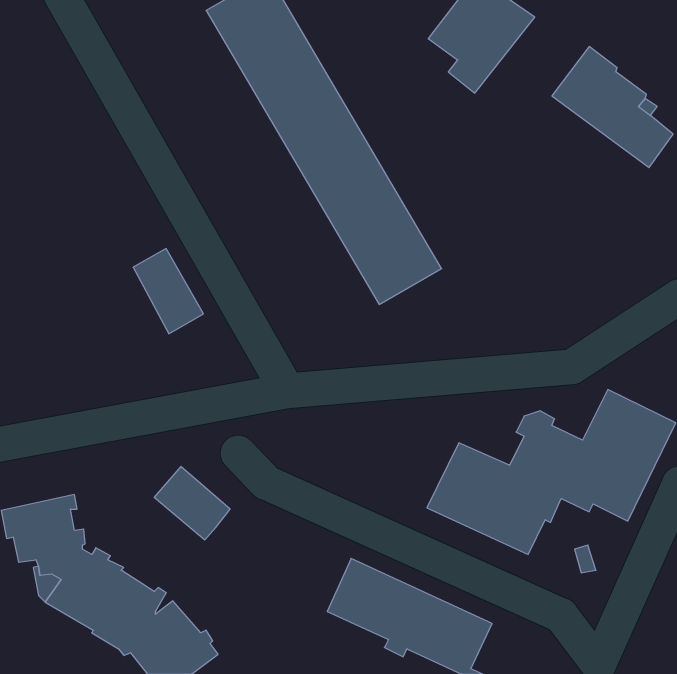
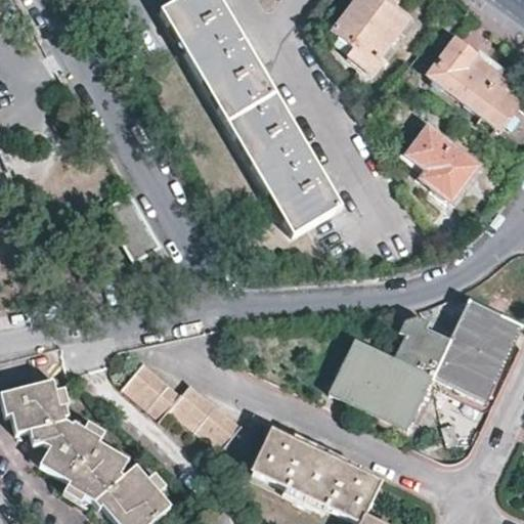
building: none -> [406,125,480,202]
building: none -> [168,380,238,448]

